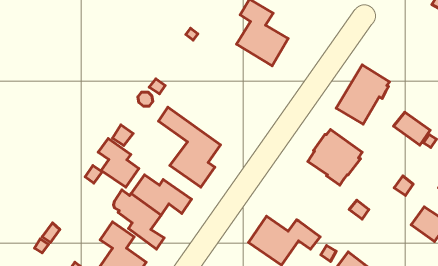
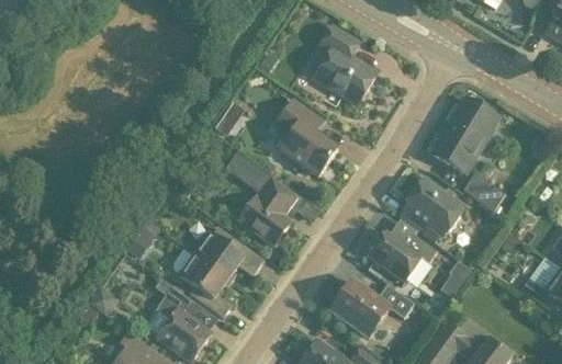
building: none -> [276,99,337,175]
building: [394,112,430,145] -> [462,172,505,211]
building: [98,139,139,187] -> none
building: none -> [369,230,437,284]

